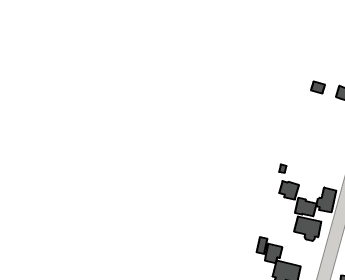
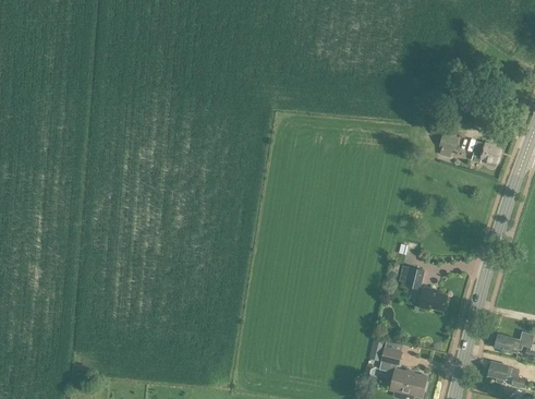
building: [316,187,336,212] -> none
building: [294,216,321,241] -> none

